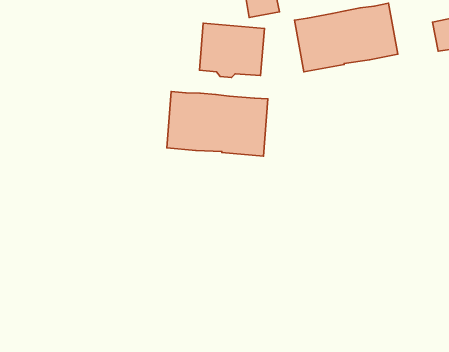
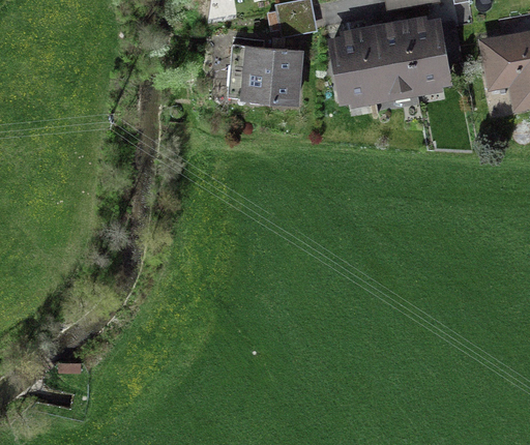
building: [167,92,268,156] -> none

